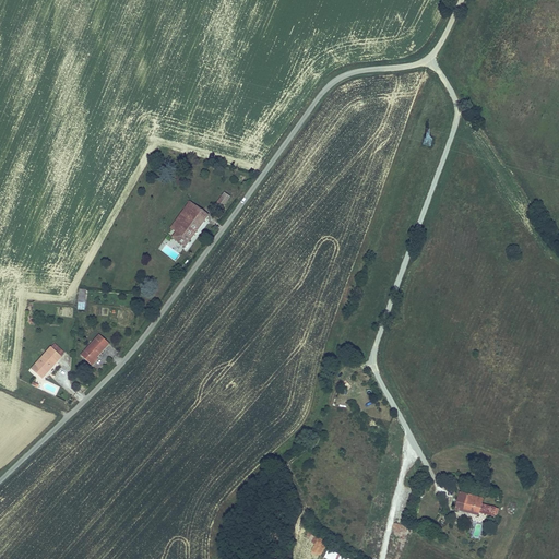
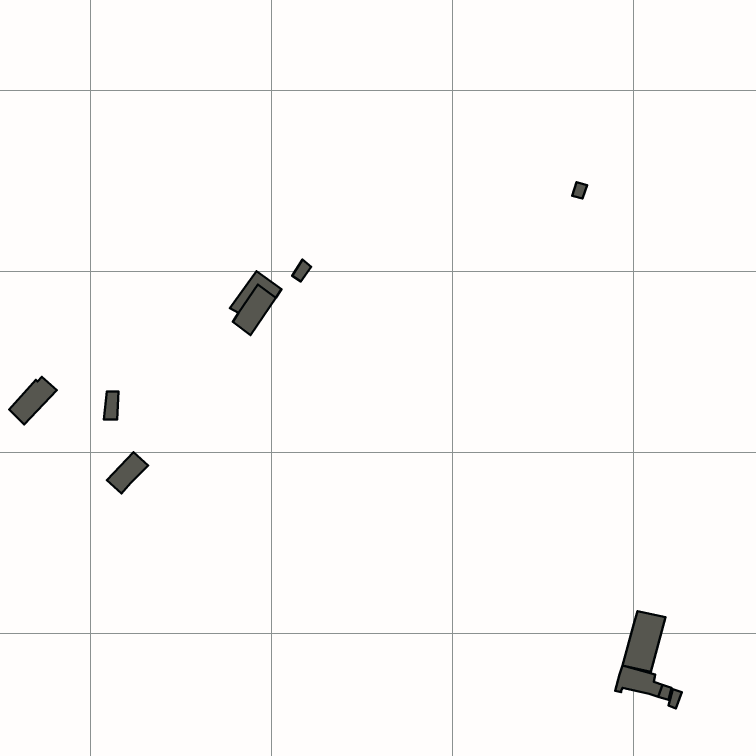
building: [29,344,64,379] -> [9,377,57,424]
building: none -> [623,611,666,672]

